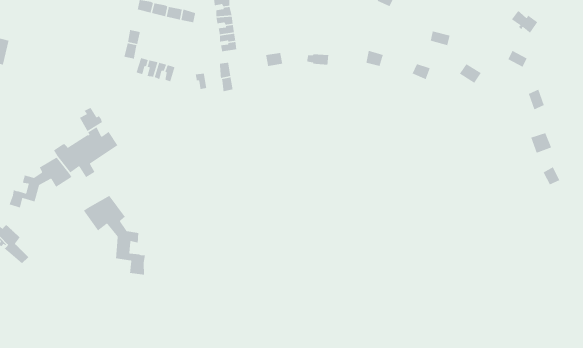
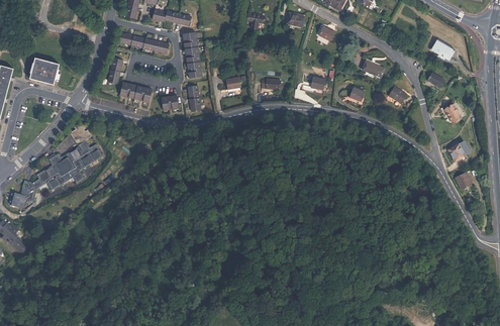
building: none -> [29,57,60,84]
building: [83,195,146,275] -> none

